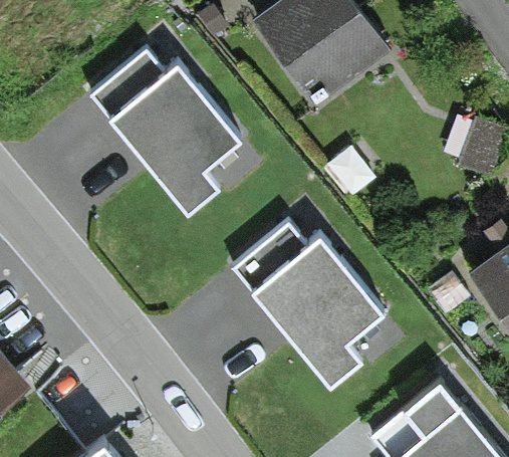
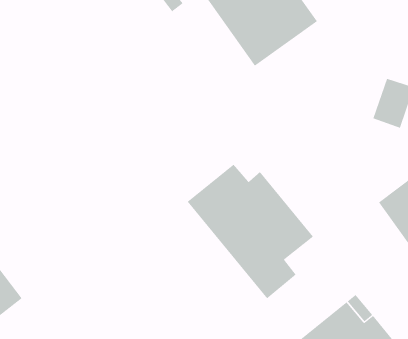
building: [89,49,243,214] -> none

